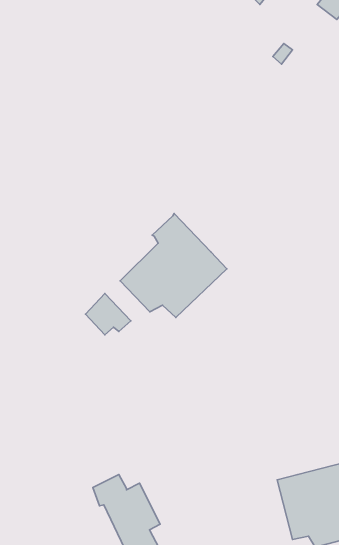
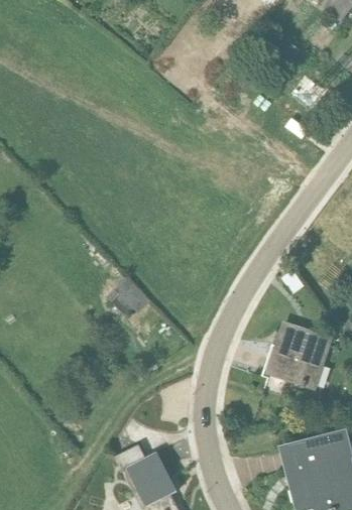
building: [120,214,227,318] -> none
building: none -> [268,332,331,389]

